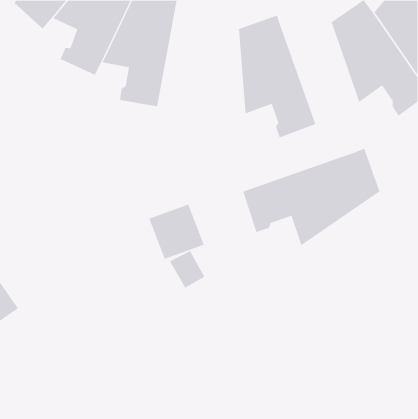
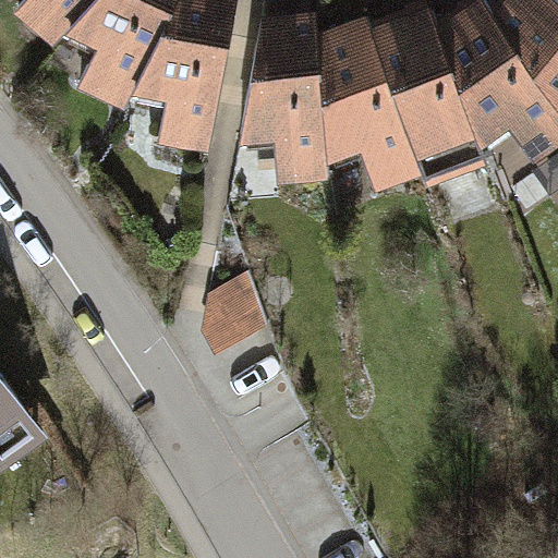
building: none -> [372,11,483,177]
building: none -> [240,19,327,177]
building: [243,148,380,246] -> none

